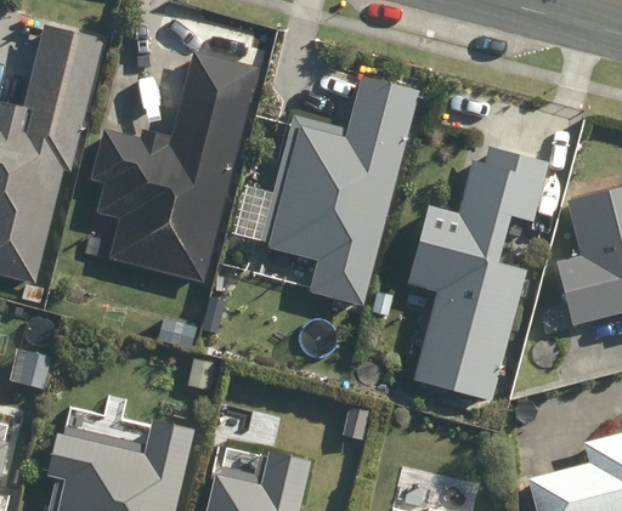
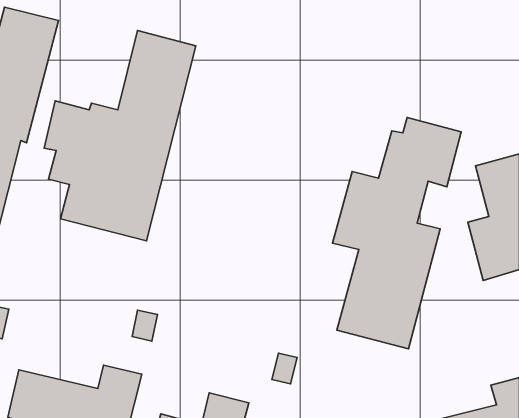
building: [258,75,418,306] -> none

